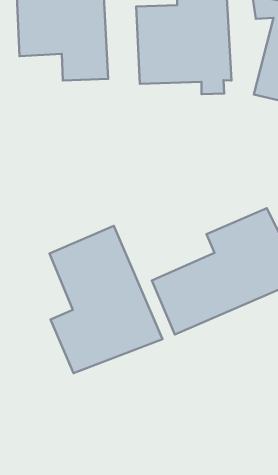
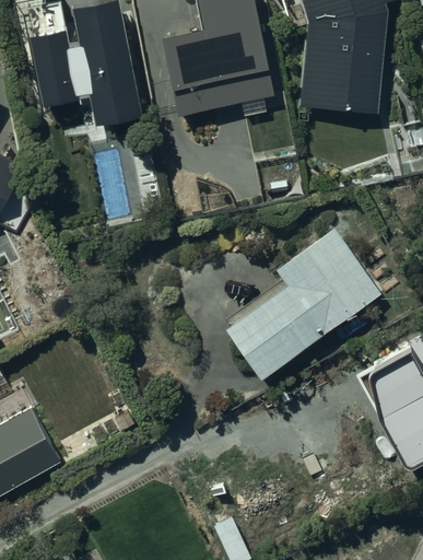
building: [50,226,162,373] -> none

